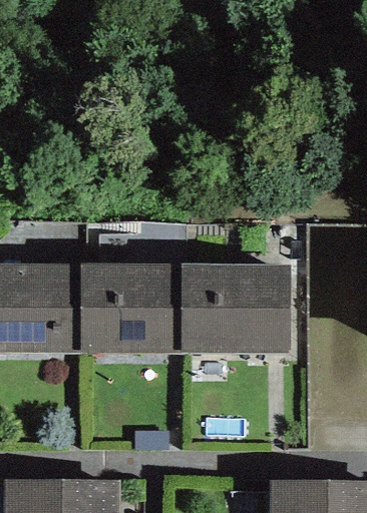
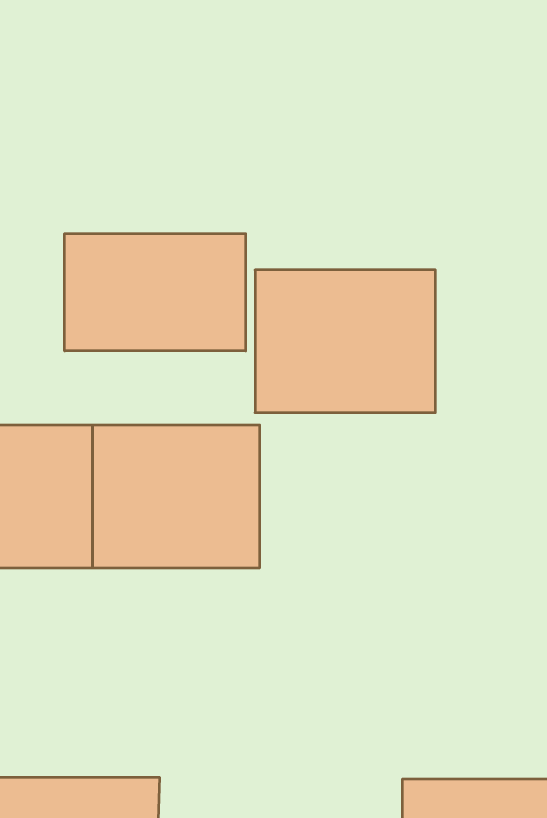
building: none -> [65,234,246,351]
building: [181,265,292,352] -> [255,270,435,413]

